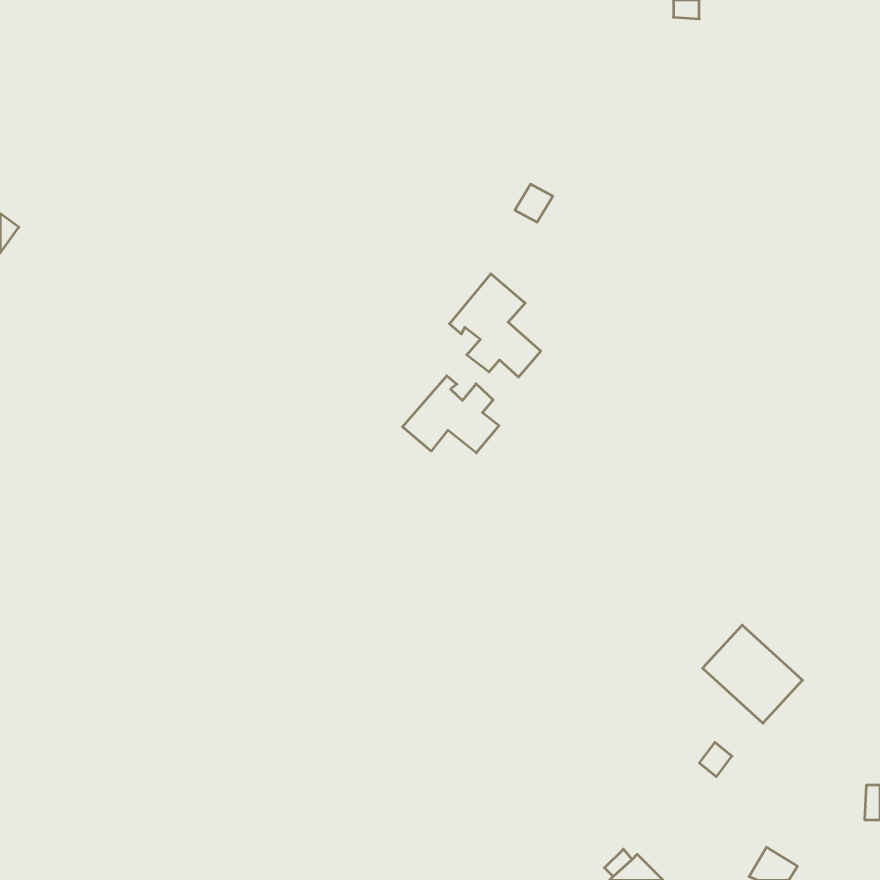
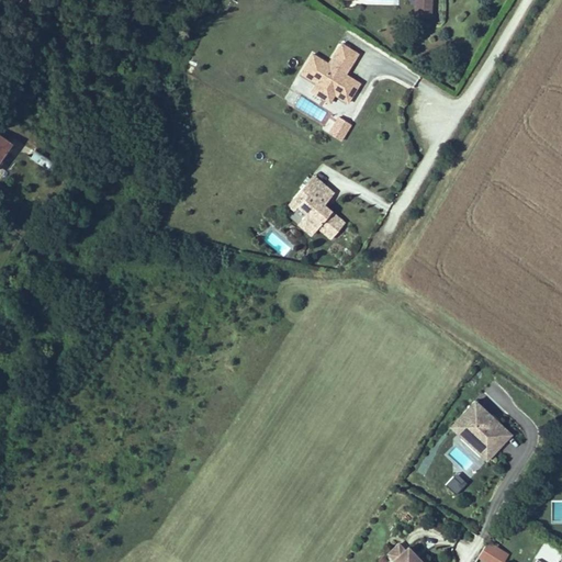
building: none -> [300,43,361,105]
building: [402,376,499,453] -> none

